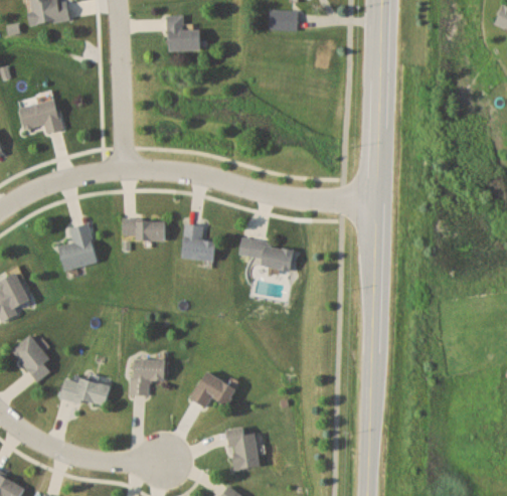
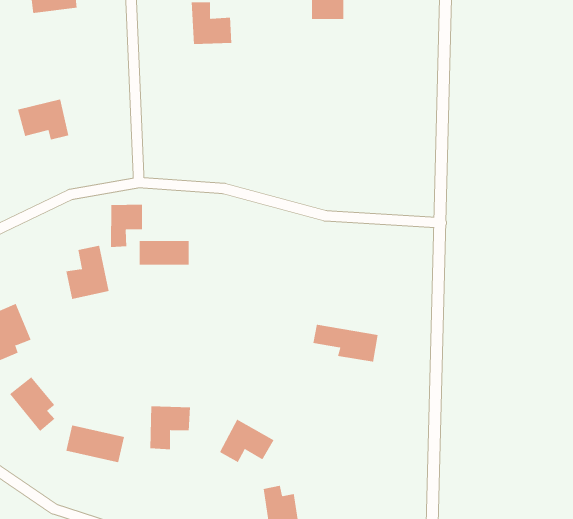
building: none -> [110,204,143,248]
building: [182,223,215,260] -> none
building: [238,238,295,271] -> [312,324,379,362]

